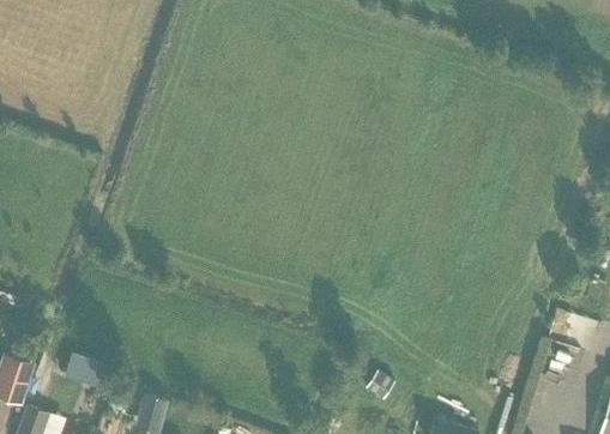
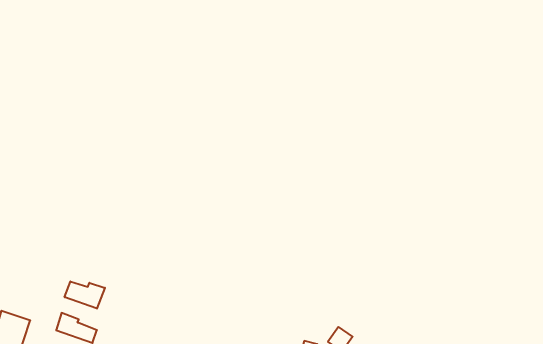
building: none -> [65,281,105,309]

